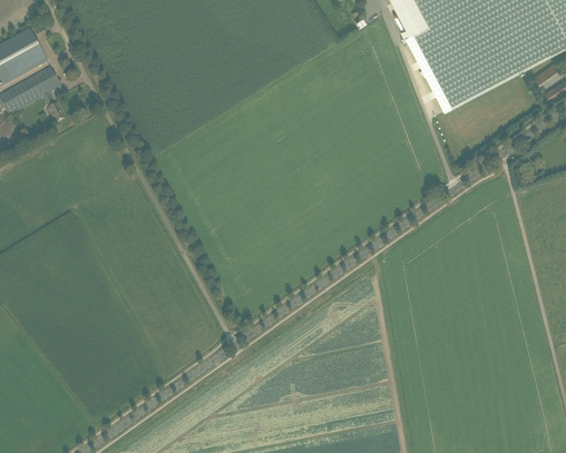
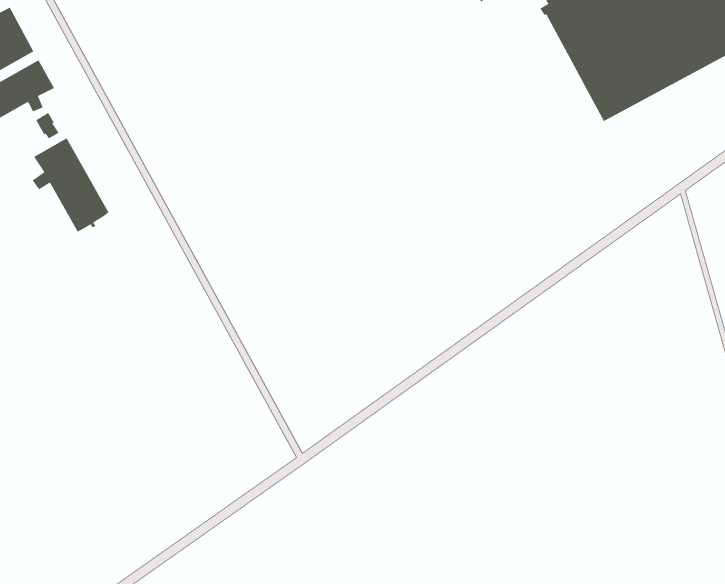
building: none -> [32,138,109,232]

